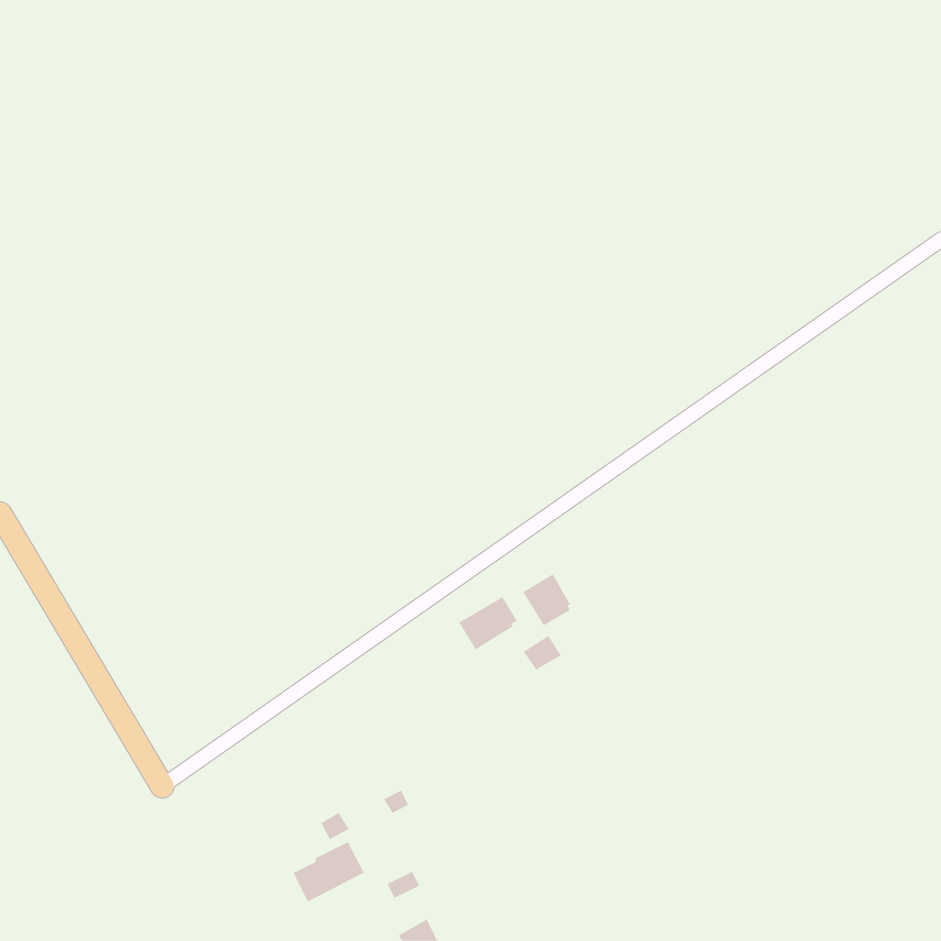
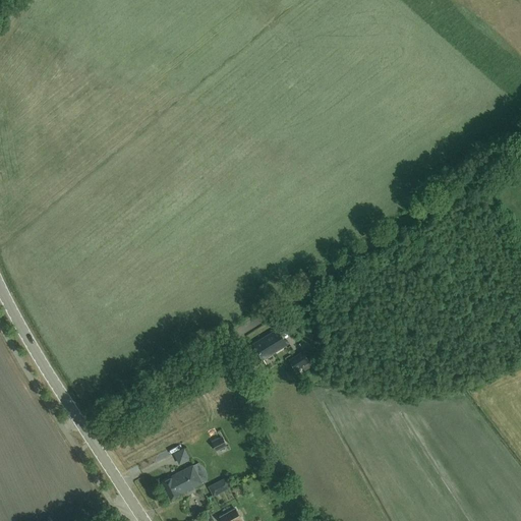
building: [522,574,571,626] -> none

